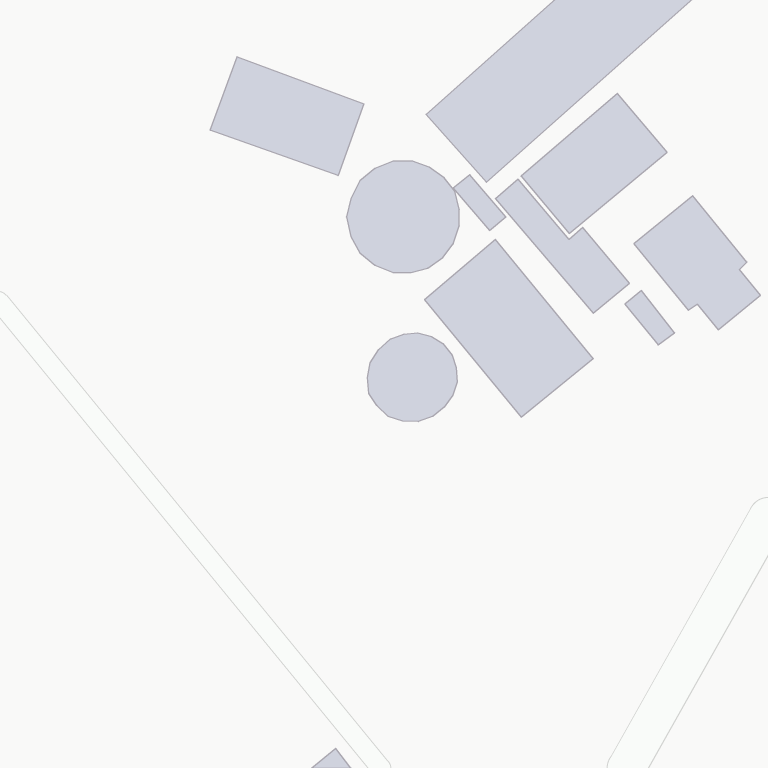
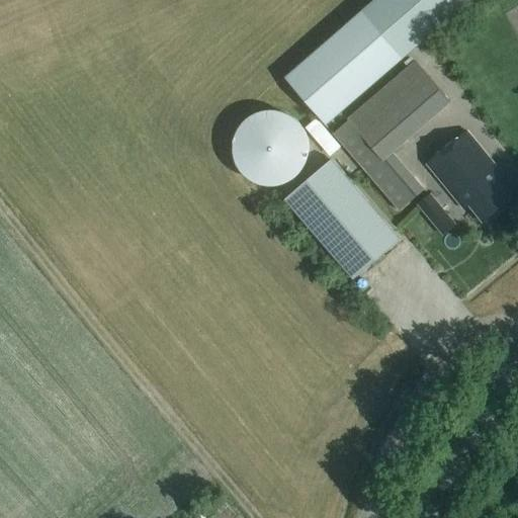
building: [210,57,364,176] -> none
building: [367,333,457,422] -> none

